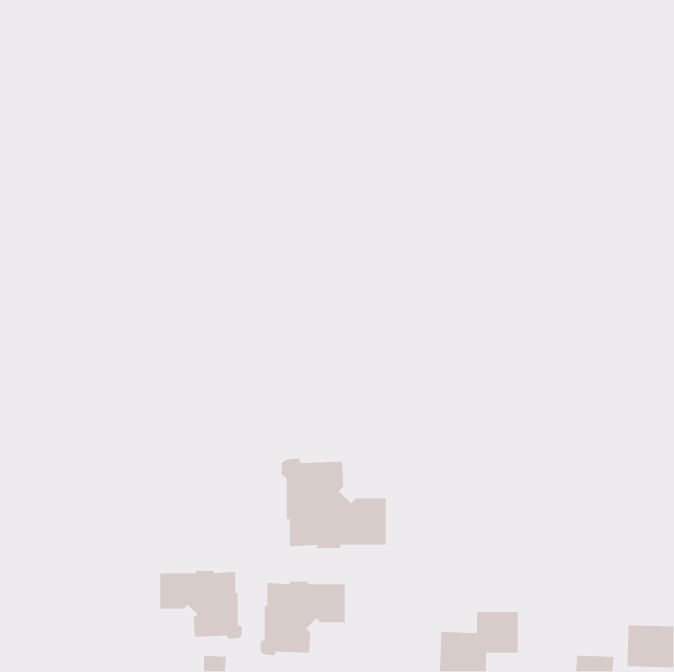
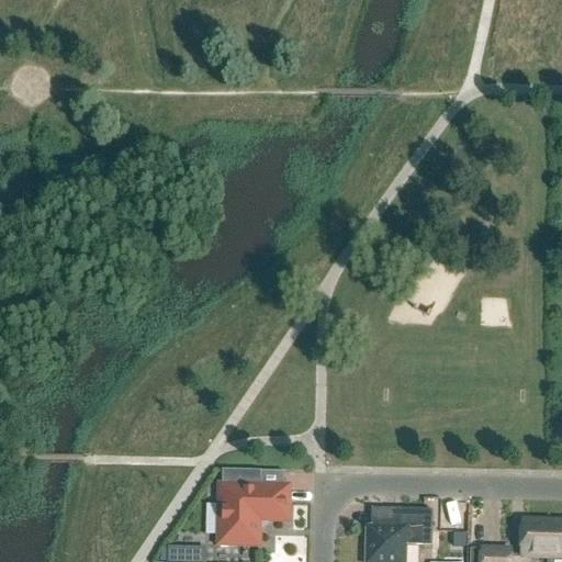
building: [281,458,387,549] -> none
building: [160,570,242,640] -> none

